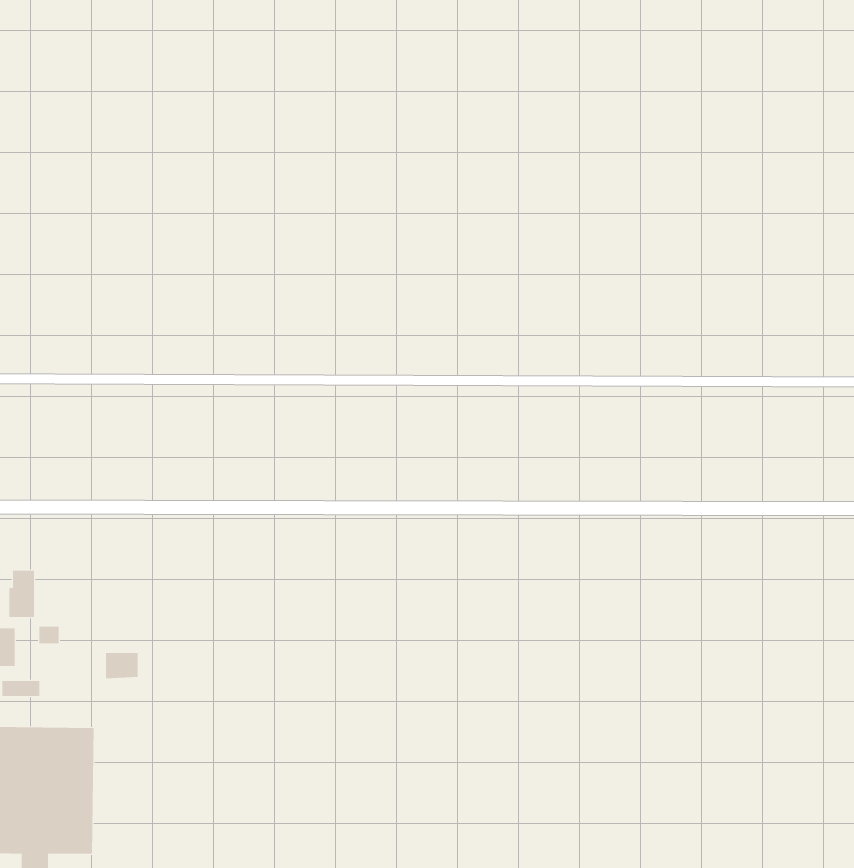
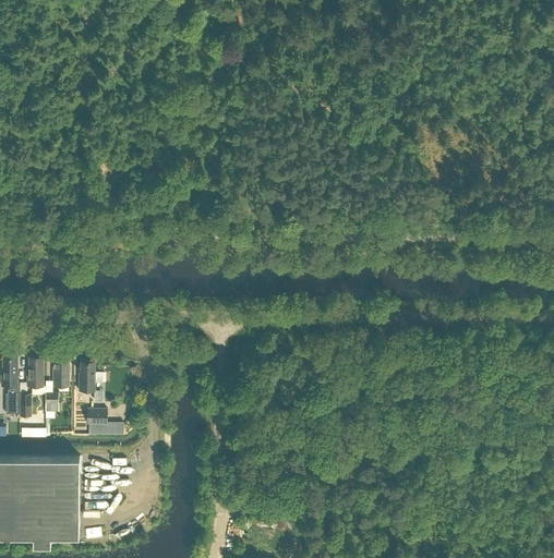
building: none -> [52,362,69,390]
building: none -> [79,366,101,395]

